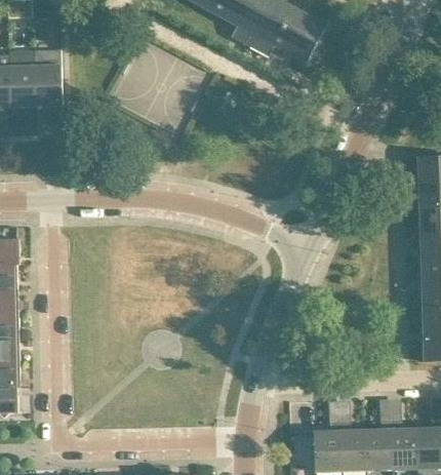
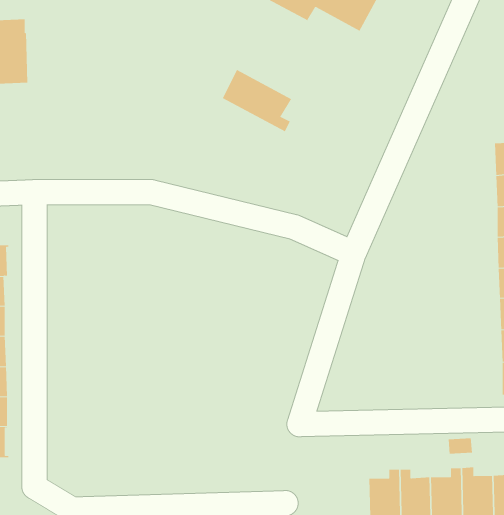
building: [34,48,62,106] -> none
building: none -> [222,69,292,132]

